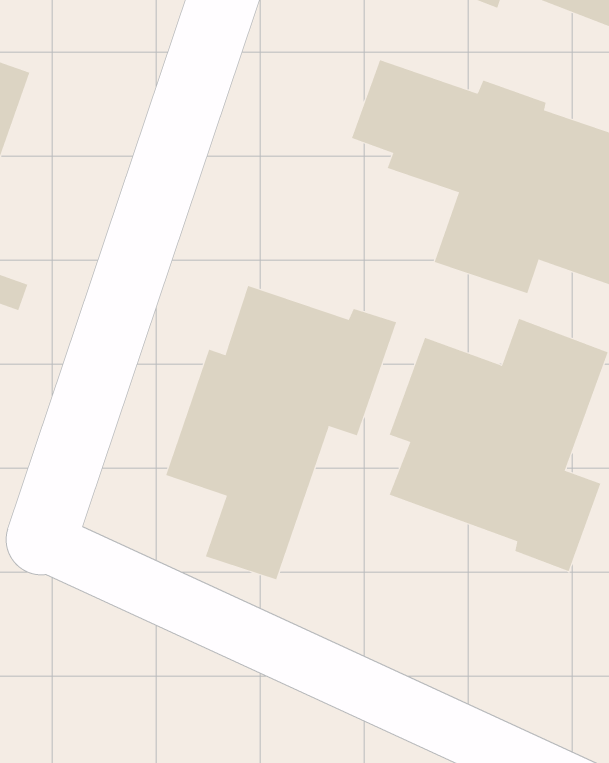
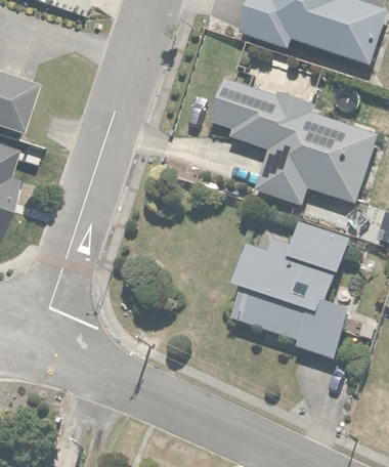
building: [166,285,397,580] -> none

